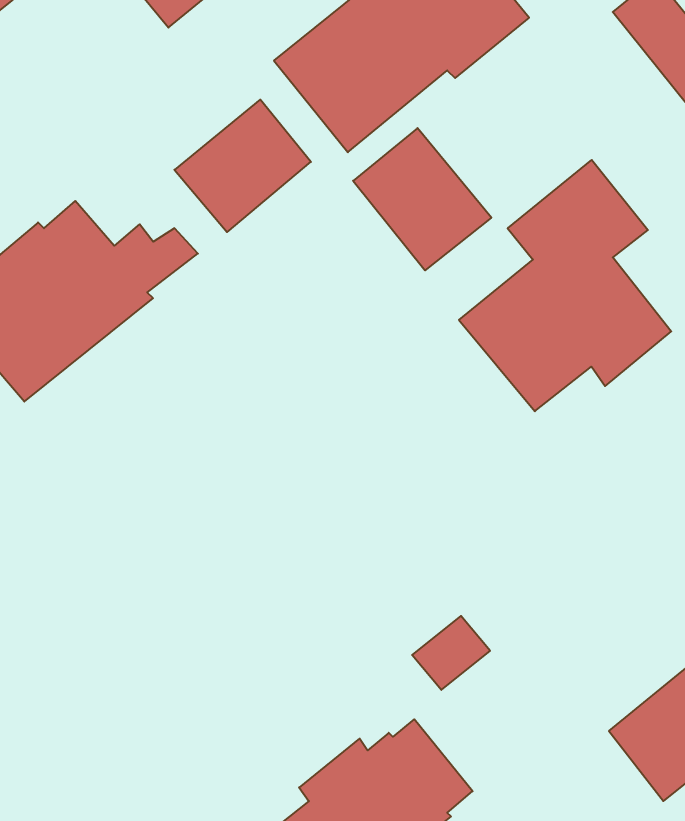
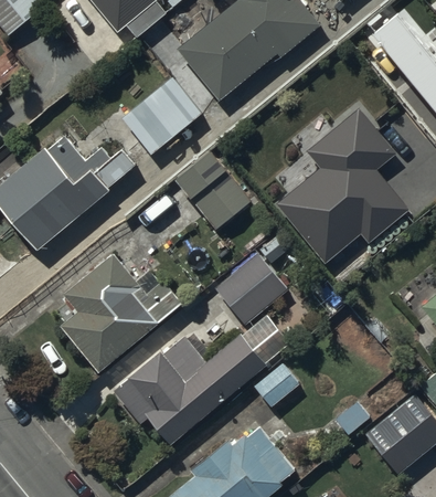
building: [353,128,491,270] -> [178,151,256,232]
building: none -> [63,254,180,368]
building: none -> [216,254,291,327]
building: none -> [118,331,265,440]

